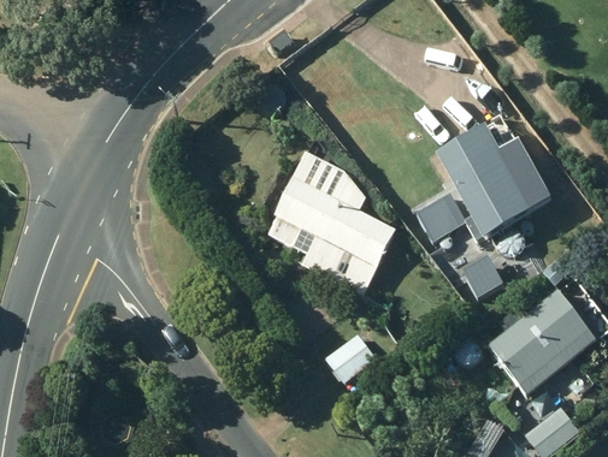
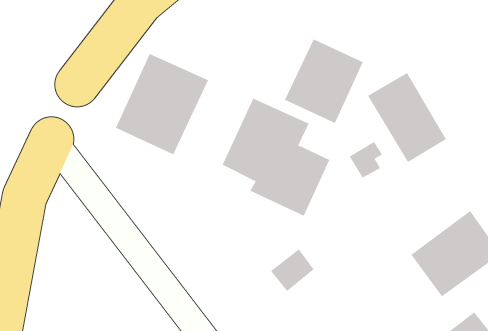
building: none -> [284,38,363,124]
building: none -> [115,53,209,155]

